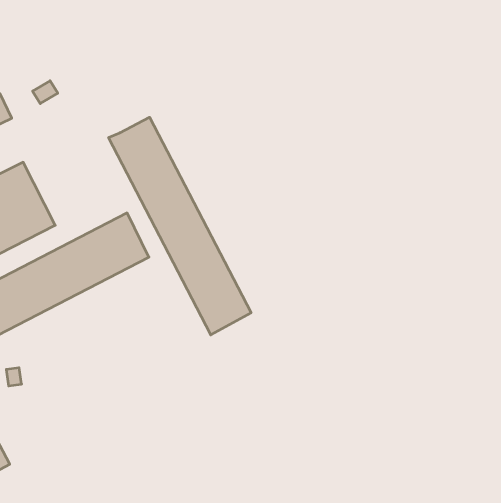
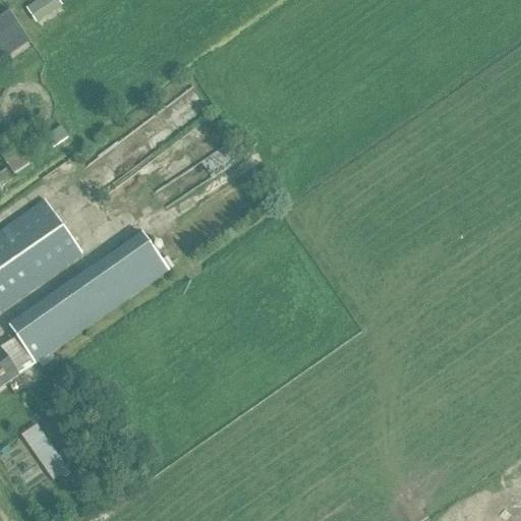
building: [109,117,251,335] -> none

